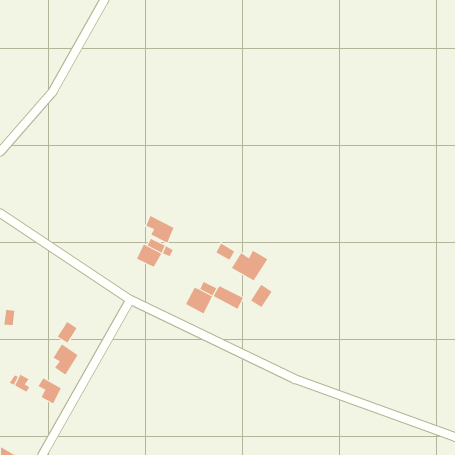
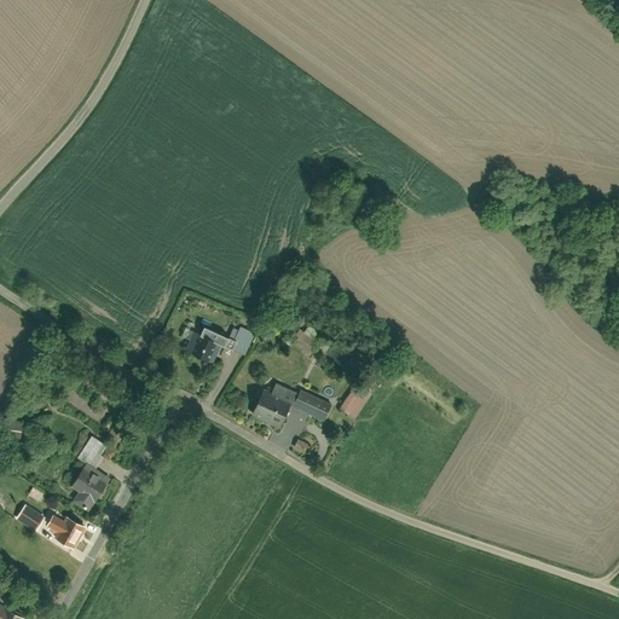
building: [146,215,174,243] -> none
building: [231,250,268,281] -> none

